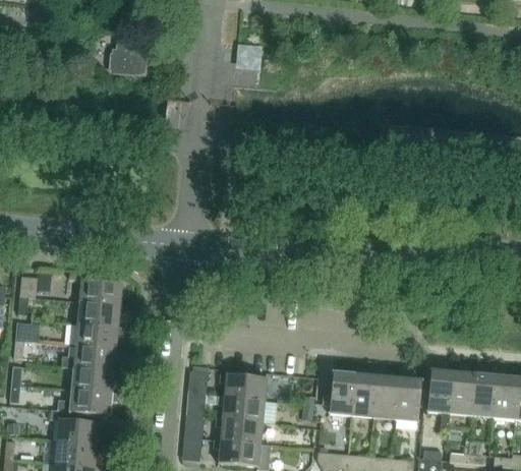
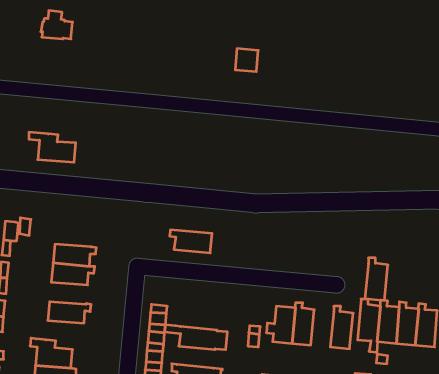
building: [109,42,146,74] -> [41,11,73,39]
building: [235,44,262,70] -> [235,49,258,72]
building: [68,271,122,305] -> [29,132,76,162]
building: [61,346,122,371] -> none
building: [372,371,399,420] -> [365,258,388,300]
building: [218,374,267,401] -> [170,230,212,253]
building: [57,390,118,415] -> none
building: [215,418,263,445] -> none

